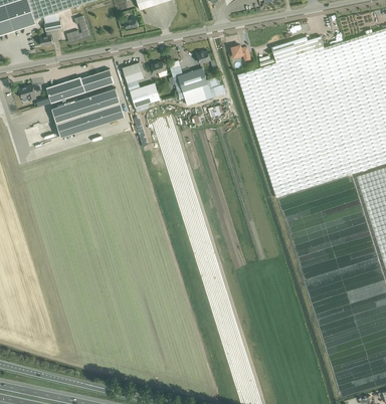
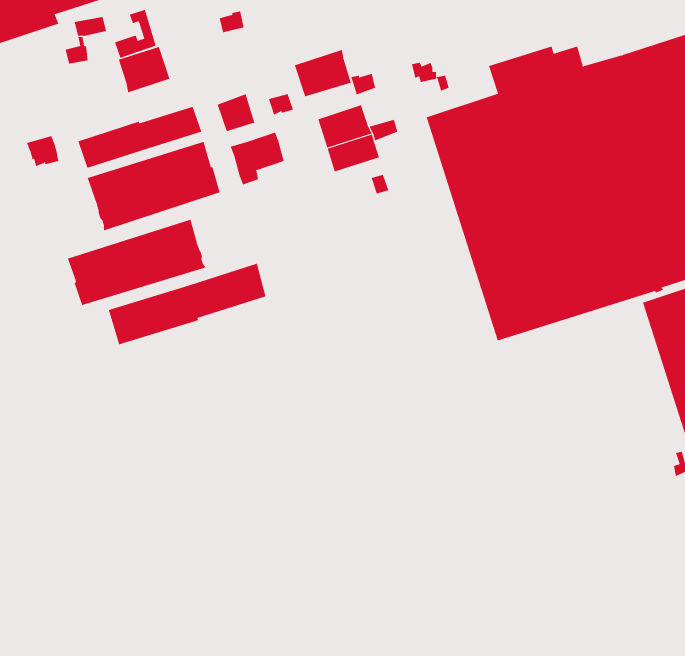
building: none -> [118,46,170,93]
building: none -> [294,49,351,97]
building: none -> [67,219,206,306]
building: none -> [108,263,266,345]

